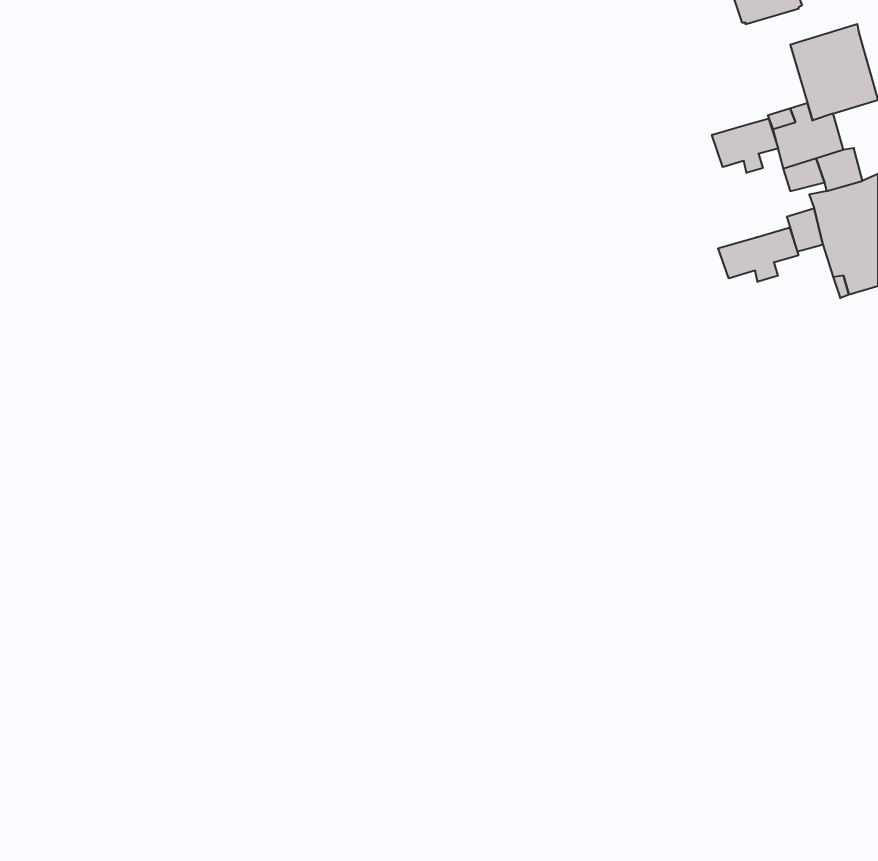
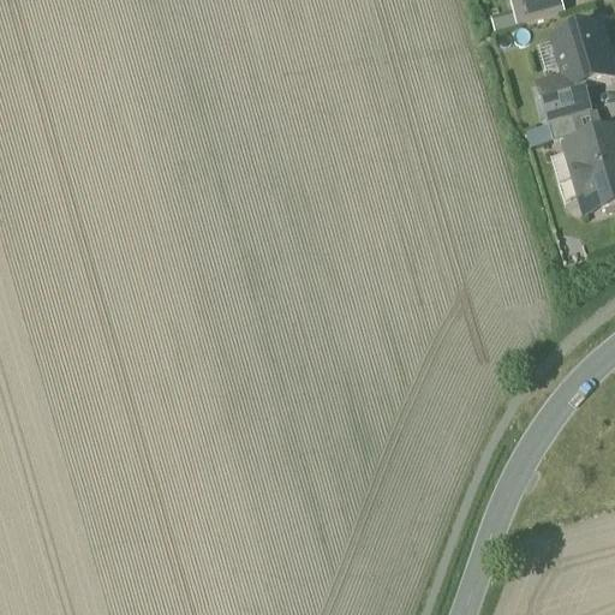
building: [712,118,778,173] -> none
building: [718,228,798,282] -> none

